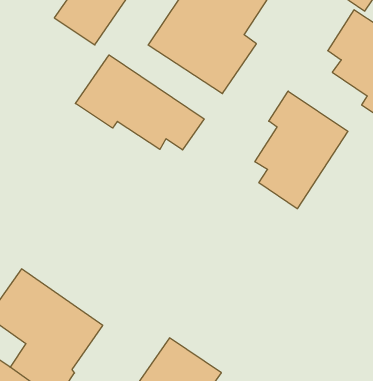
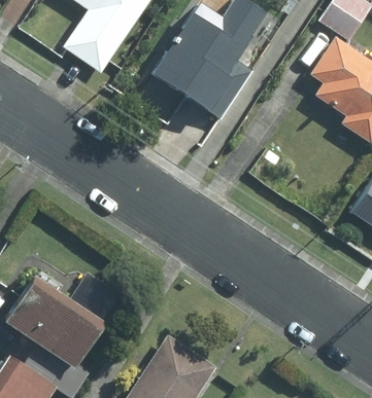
building: [75,55,204,150] -> none
building: [255,91,348,209] -> none

